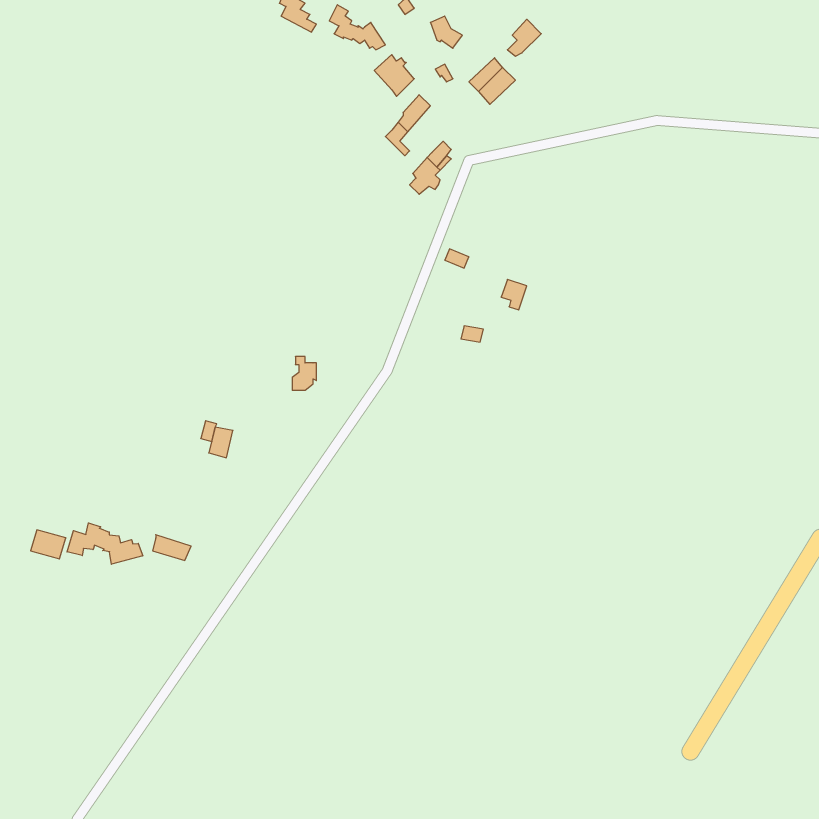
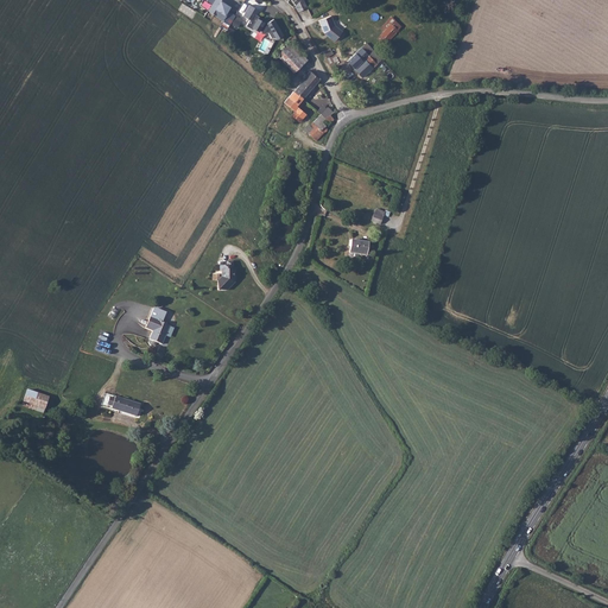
building: [67,523,143,564] -> none

